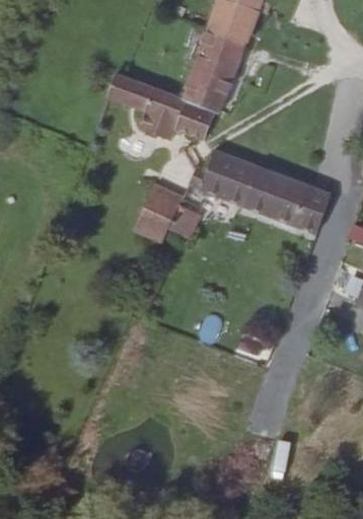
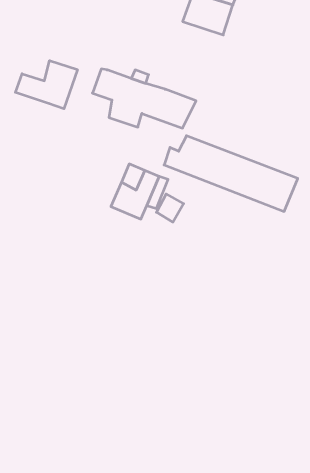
building: [187,29,247,113] -> none
building: none -> [15,61,77,109]

